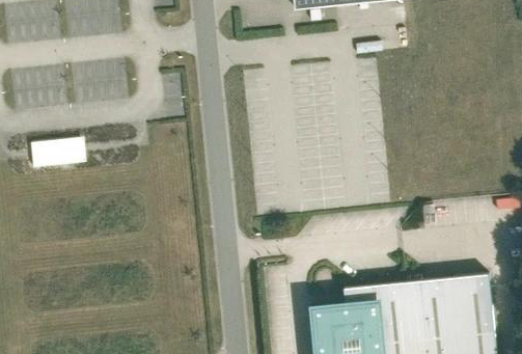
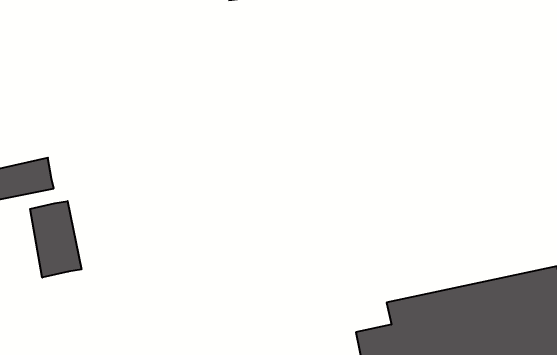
building: none -> [30,201,81,278]

